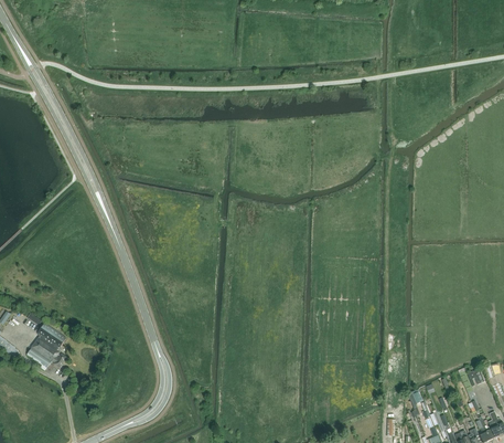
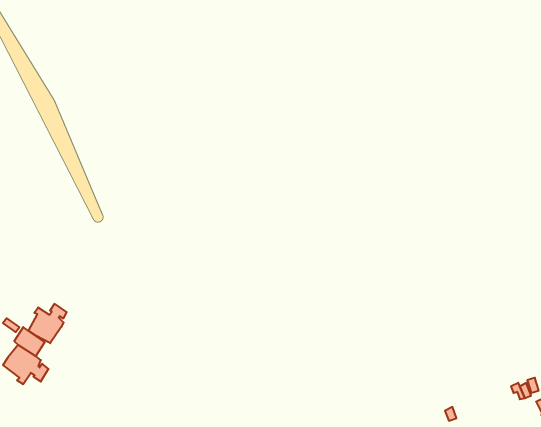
building: none -> [28,304,67,343]

